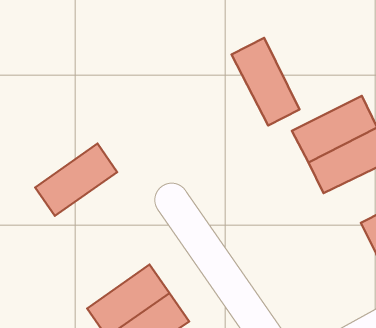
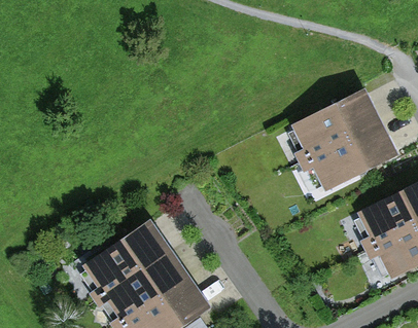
building: [231,38,299,125] -> none
building: [35,144,117,216] -> [88,226,165,294]

